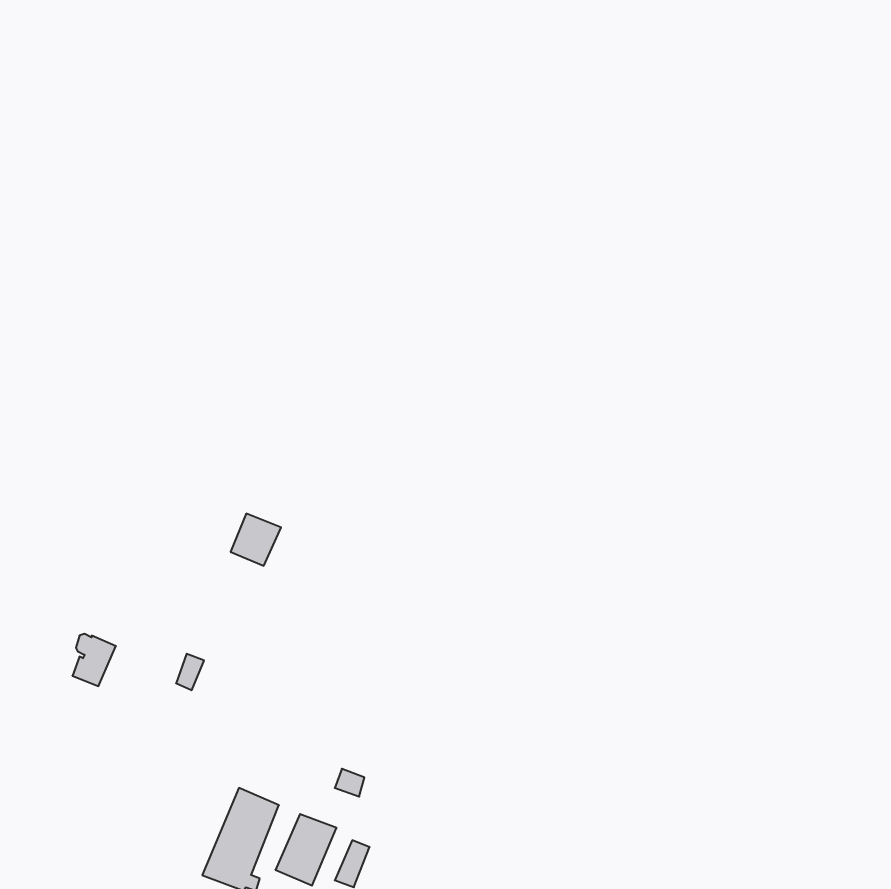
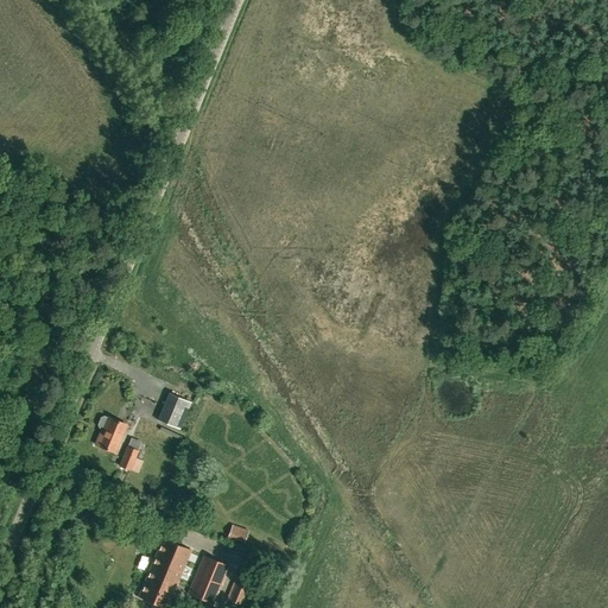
building: [231,514,281,566] -> [158,394,192,430]
building: [72,634,116,686] -> [96,417,126,452]

